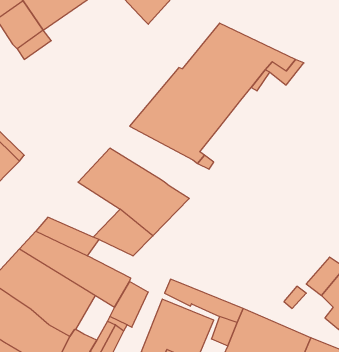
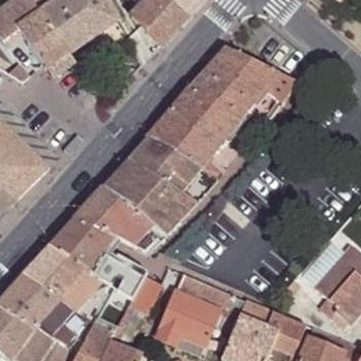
building: none -> [128,137,202,189]
building: none -> [73,186,138,235]

